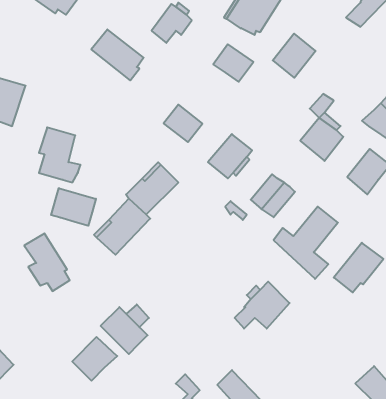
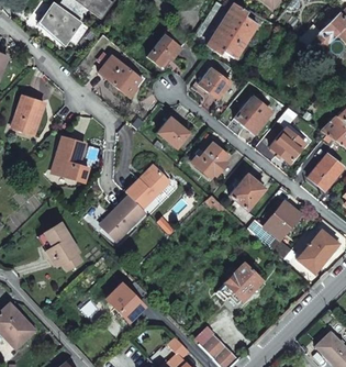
building: [273,34,316,78] -> [235,96,270,132]
building: [51,188,96,226] -> none
building: [72,337,117,381] -> none

